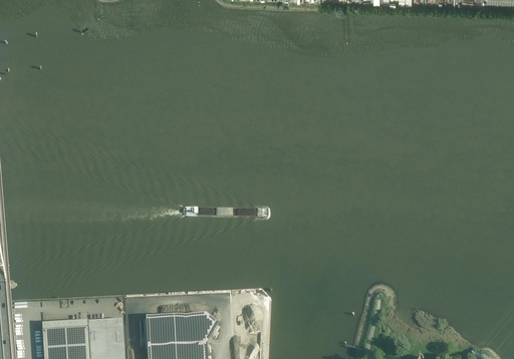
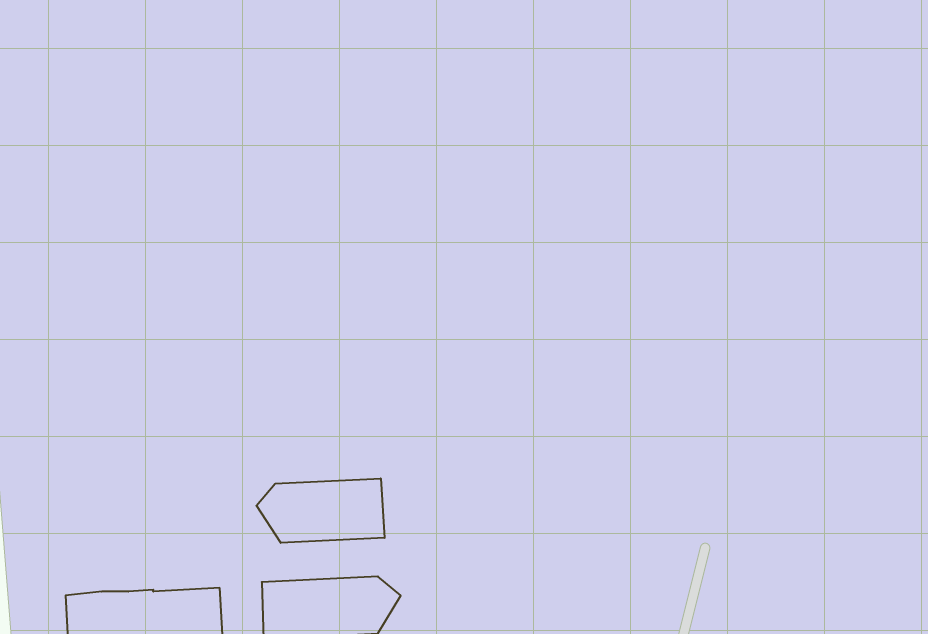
building: none -> [256,478,385,543]

